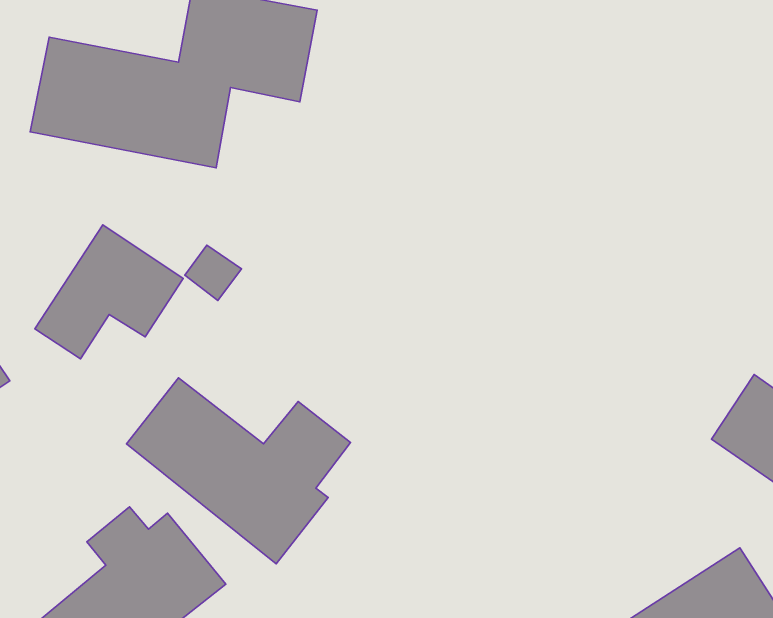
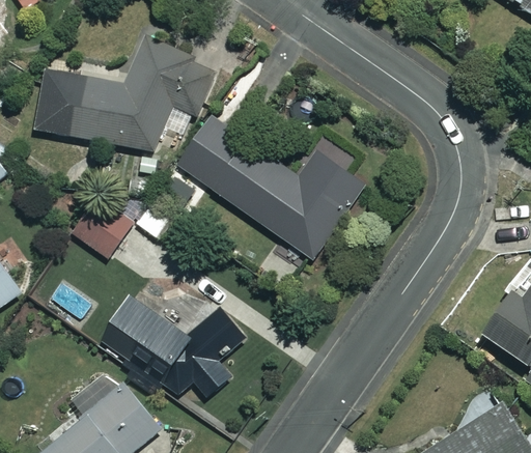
building: none -> [177,115,366,259]

